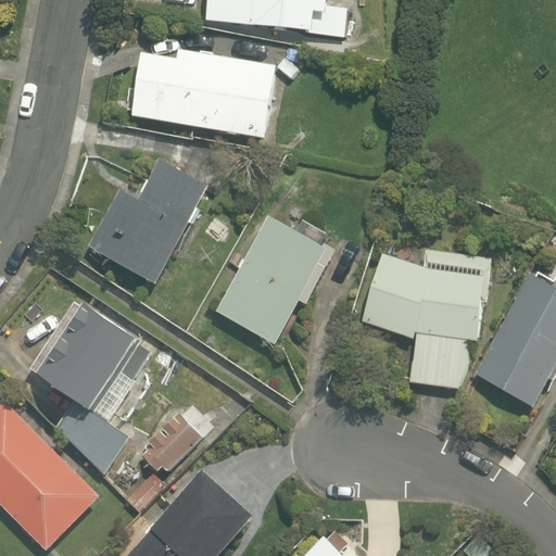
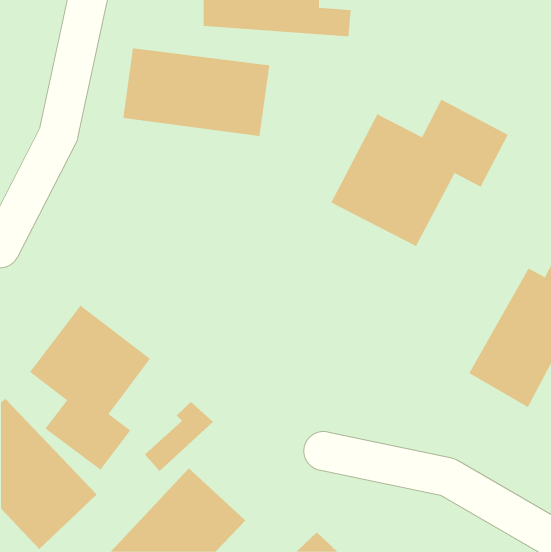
building: none -> [331,99,509,247]
building: [89,161,212,285] -> none
building: [213,213,333,348] -> none
building: [355,251,493,387] -> none

